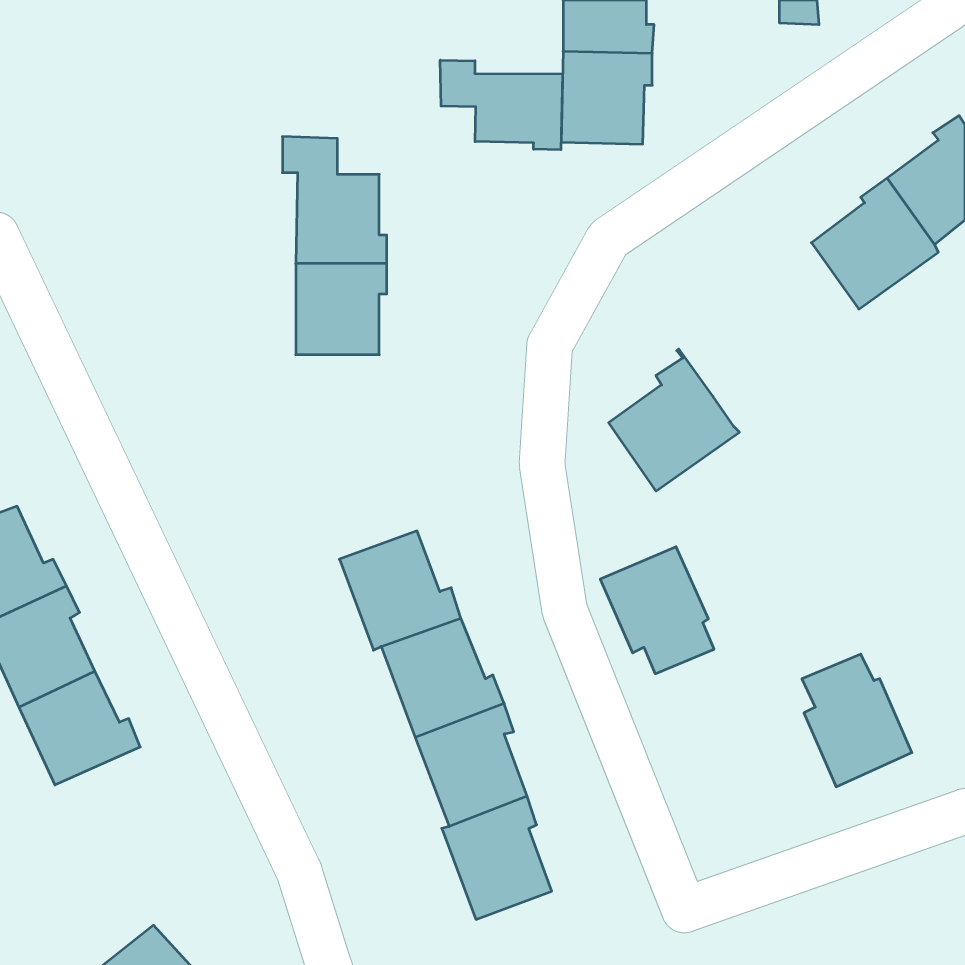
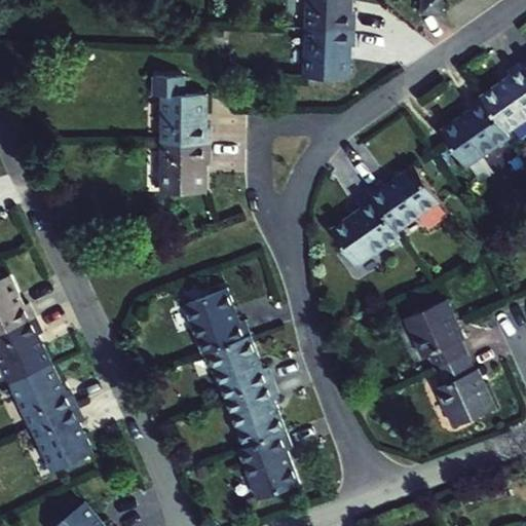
building: [440,60,563,150] -> none
building: none -> [368,166,440,233]
building: [600,547,714,674] -> [405,301,466,370]
building: none -> [30,407,92,474]

